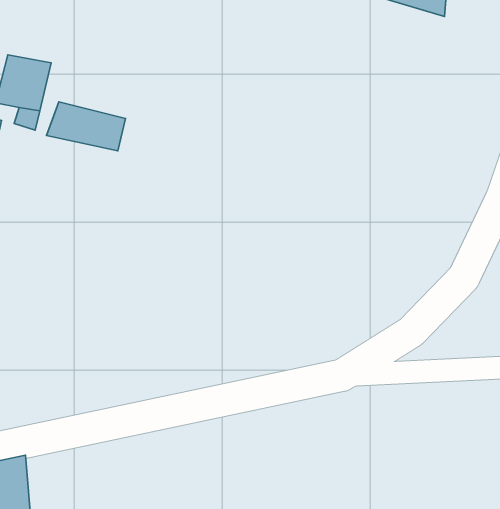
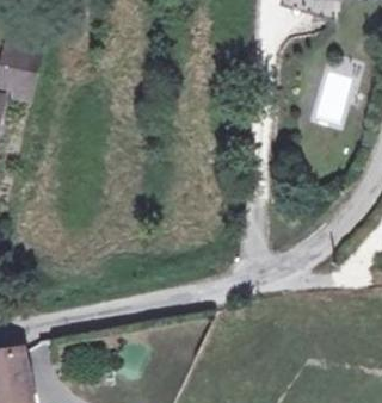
building: [47,102,125,151] -> none

